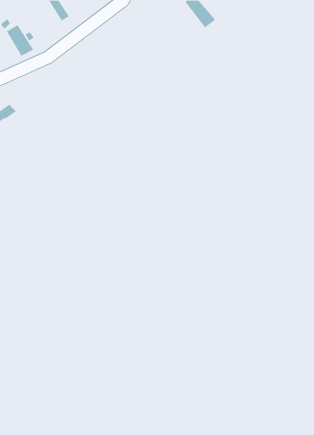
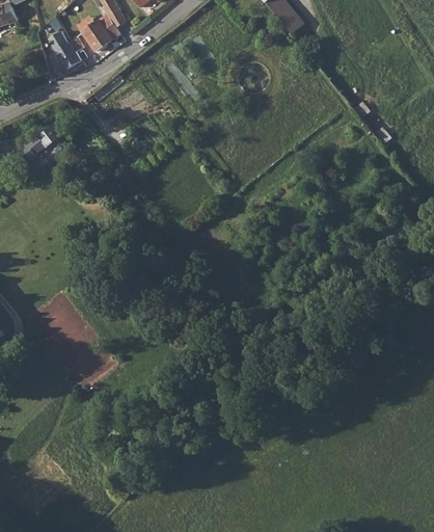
building: none -> [82,14,119,51]

